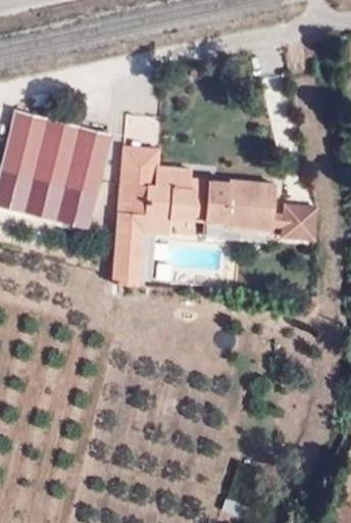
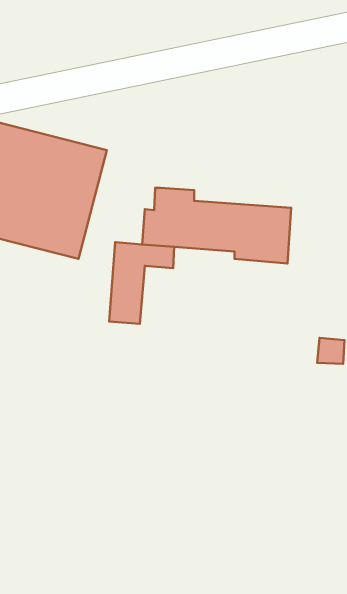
building: [119,148,160,217] -> none
building: [274,203,314,241] -> none

